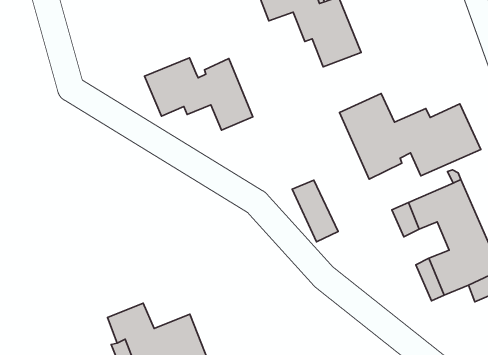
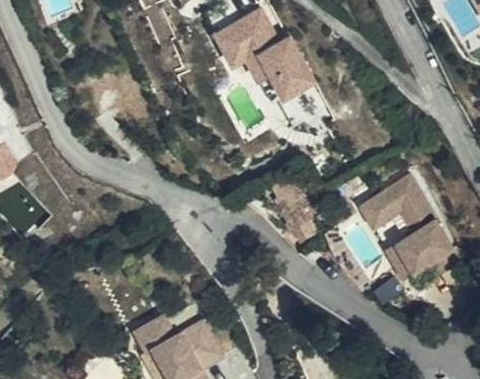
building: [144,58,253,130] -> none
building: [340,93,481,179] -> none

